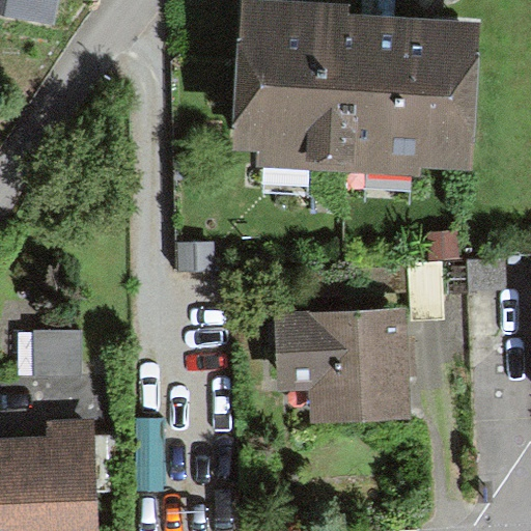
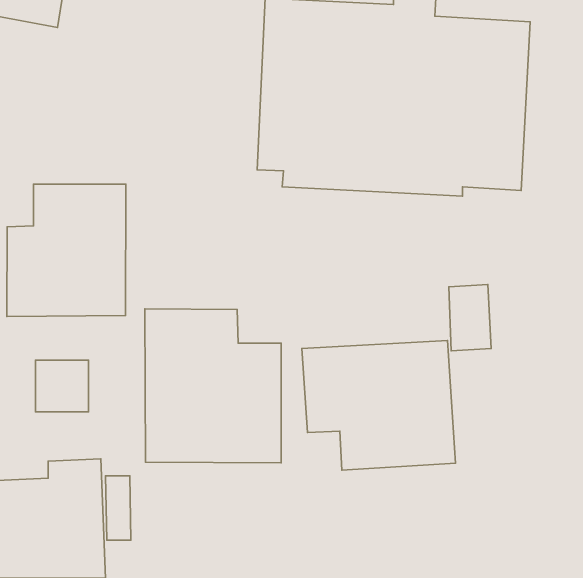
building: none -> [7,184,126,316]
building: none -> [145,309,281,463]

